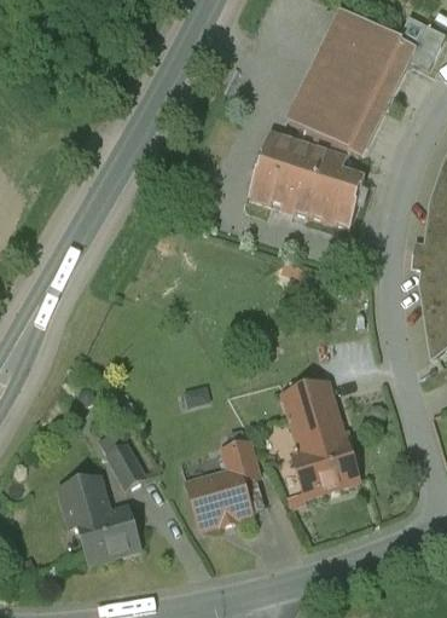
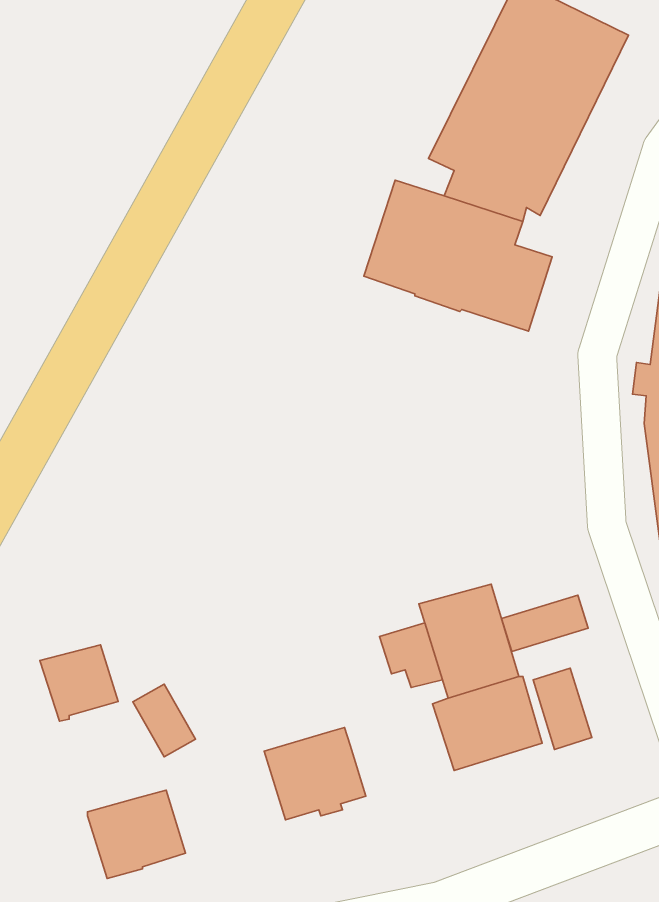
building: none -> [501,595,588,652]
building: none -> [533,668,592,749]
building: [221,440,260,480] -> [380,623,442,688]
building: [60,478,109,525] -> [40,645,118,721]

